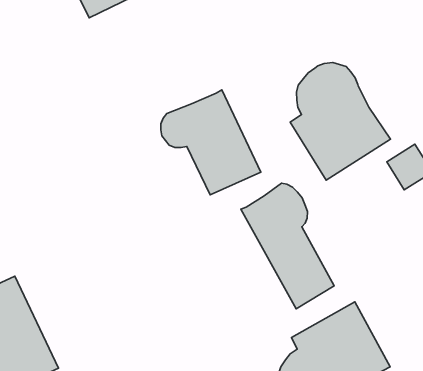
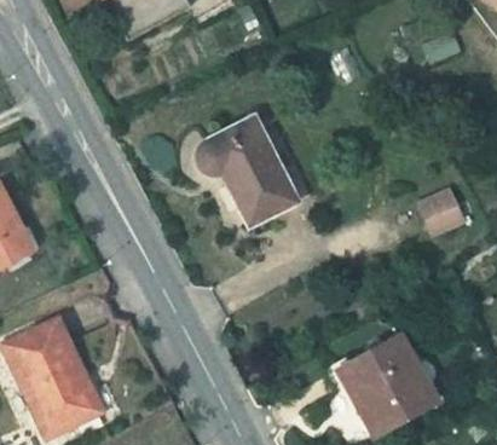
building: [290,63,390,180] -> none
building: [241,183,334,309] -> none

